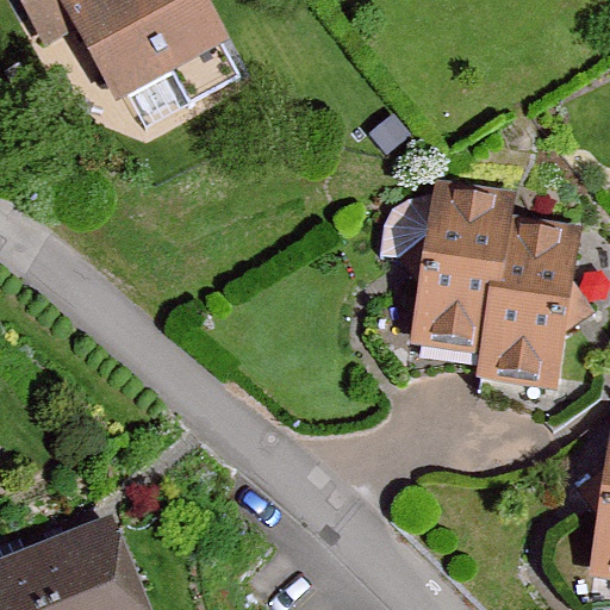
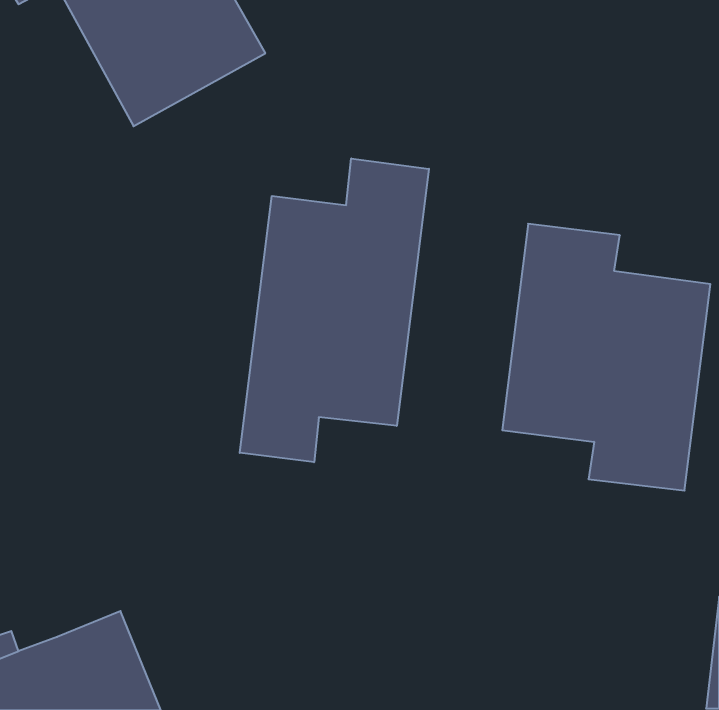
building: none -> [240,158,429,462]

